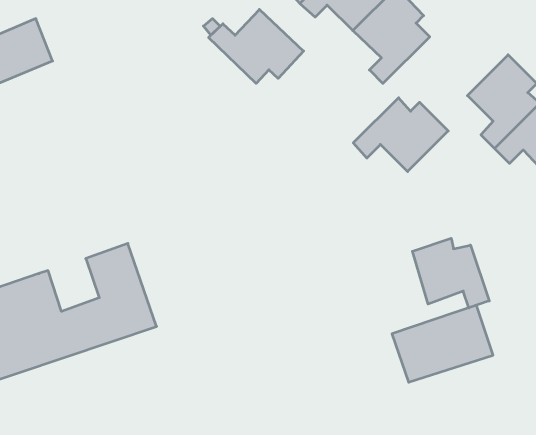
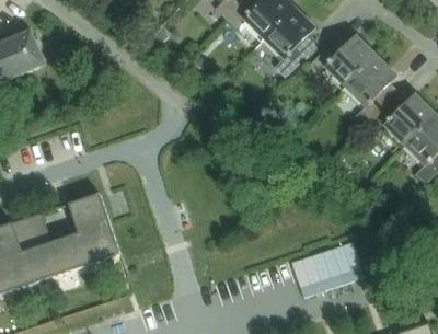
building: [209,9,304,83] -> none
building: [353,98,448,172] -> [307,32,376,85]
building: [412,238,489,308] -> none

